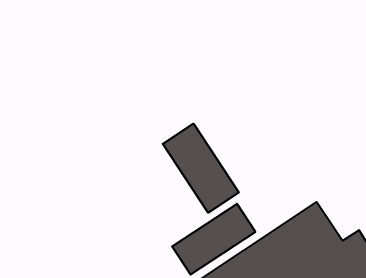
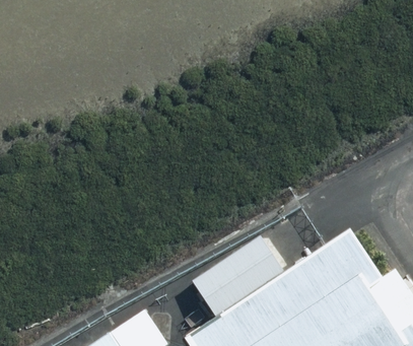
building: [163,124,239,213] -> none

